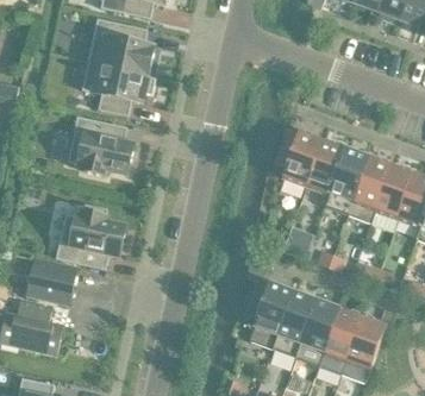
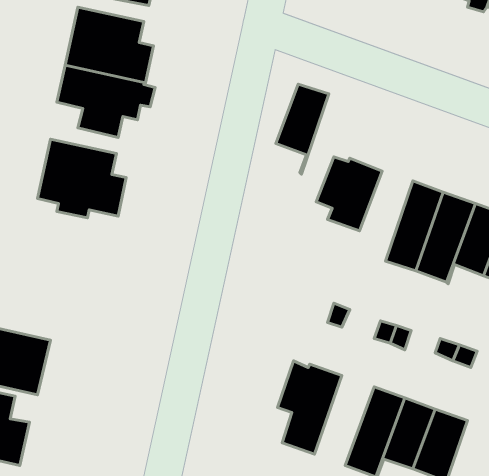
building: [306,140,345,207] -> [276,84,329,174]
building: [56,205,125,269] -> none
building: [273,291,317,358] -> none

